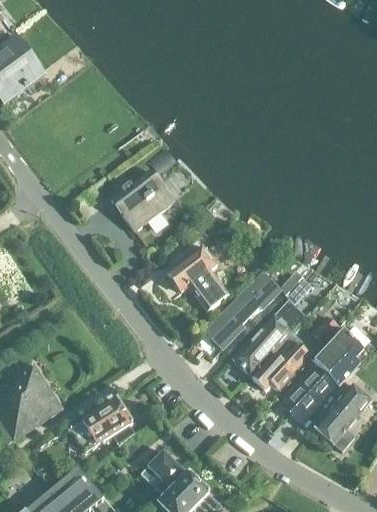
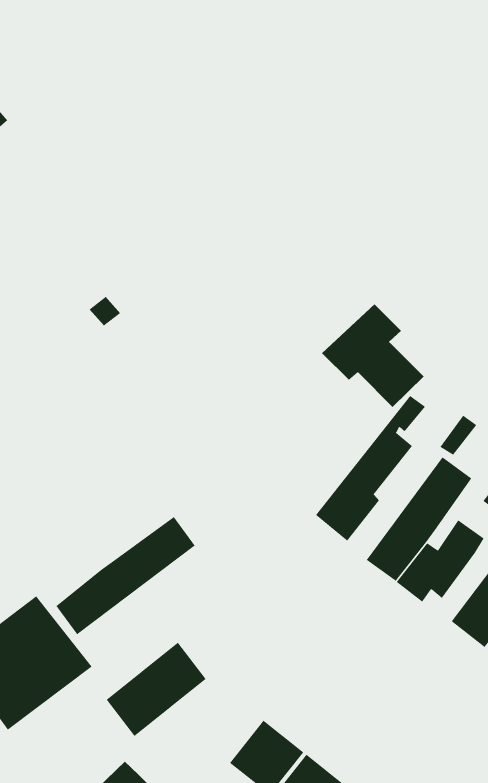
building: [111,171,173,231] -> none
building: [168,247,229,311] -> [321,304,424,408]
building: none -> [55,516,196,635]

